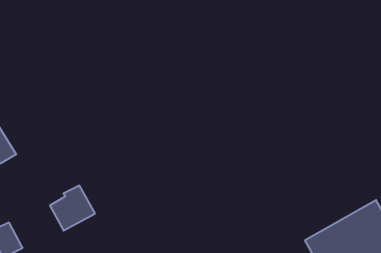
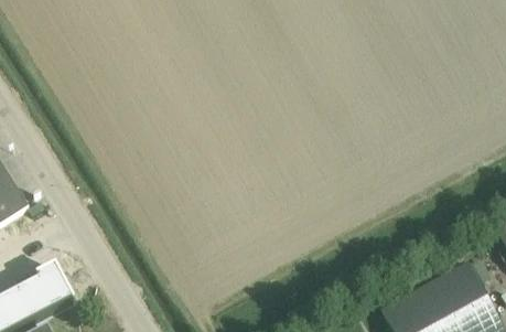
building: [50,186,95,231] -> [19,264,74,319]

